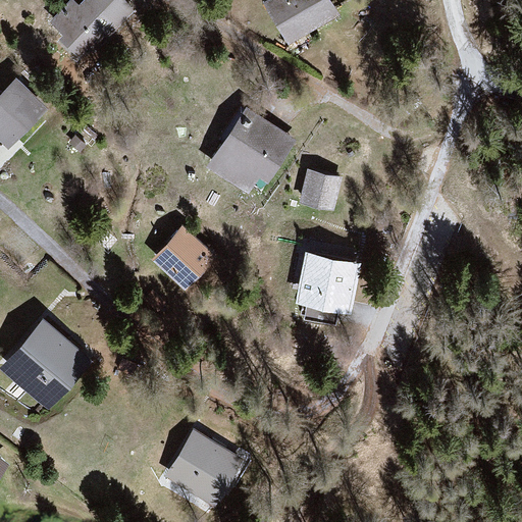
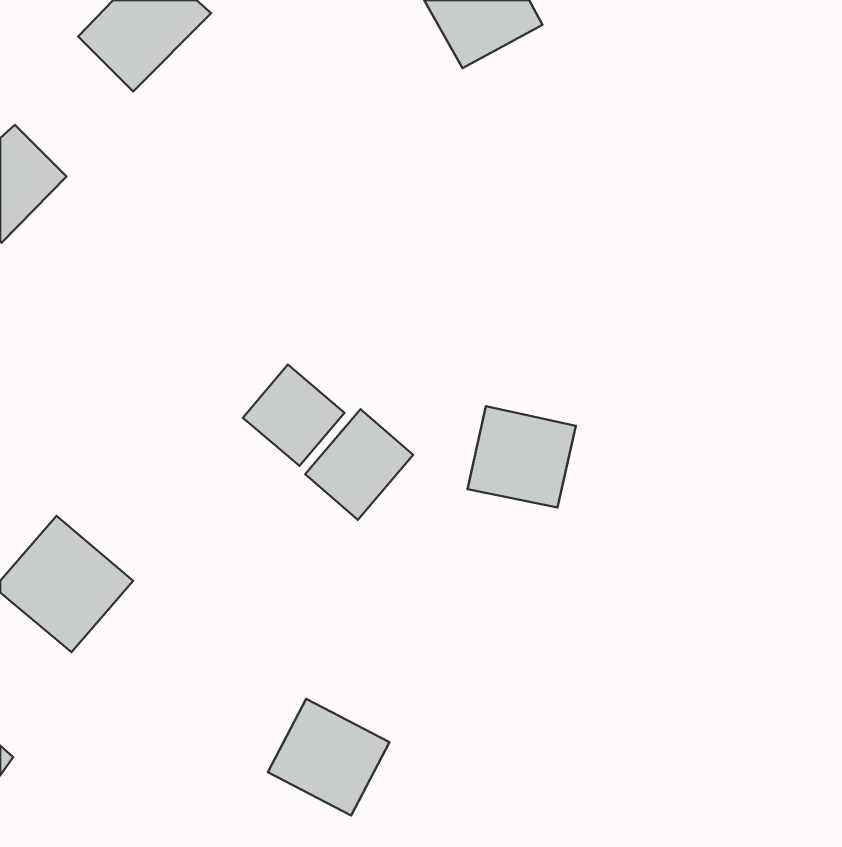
building: [208,109,293,196] -> none
building: [300,171,343,211] -> none
building: none -> [305,409,413,520]

